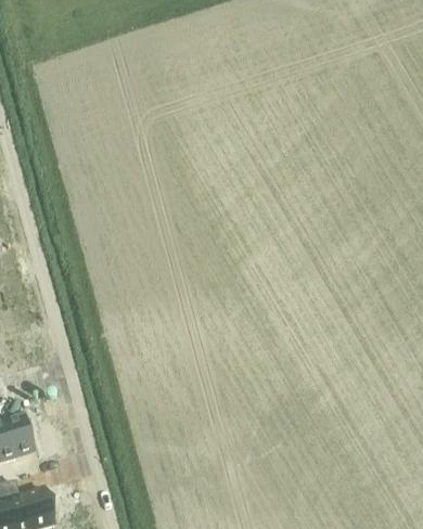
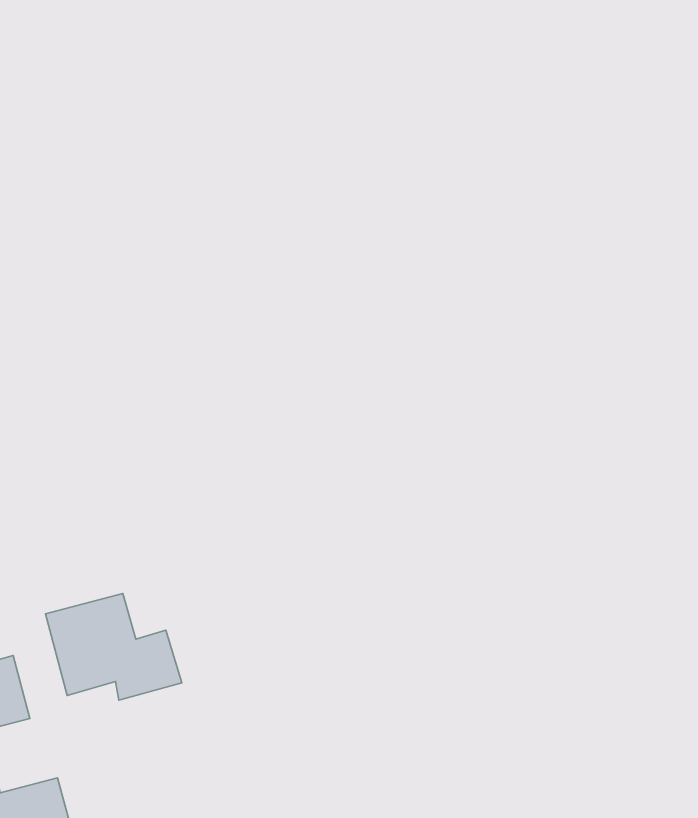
building: none -> [46,593,182,700]

